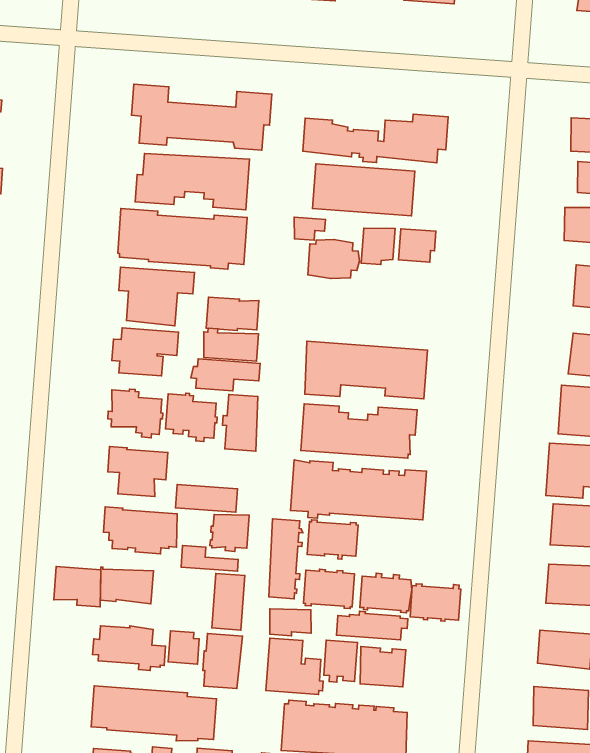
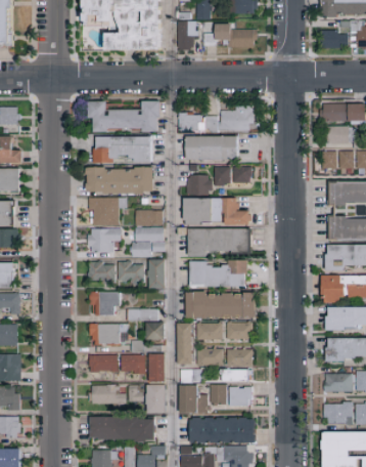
building: none -> [185,200,254,226]
building: [54,567,101,607] -> [122,356,146,376]
building: [410,584,461,621] -> [227,323,253,342]

